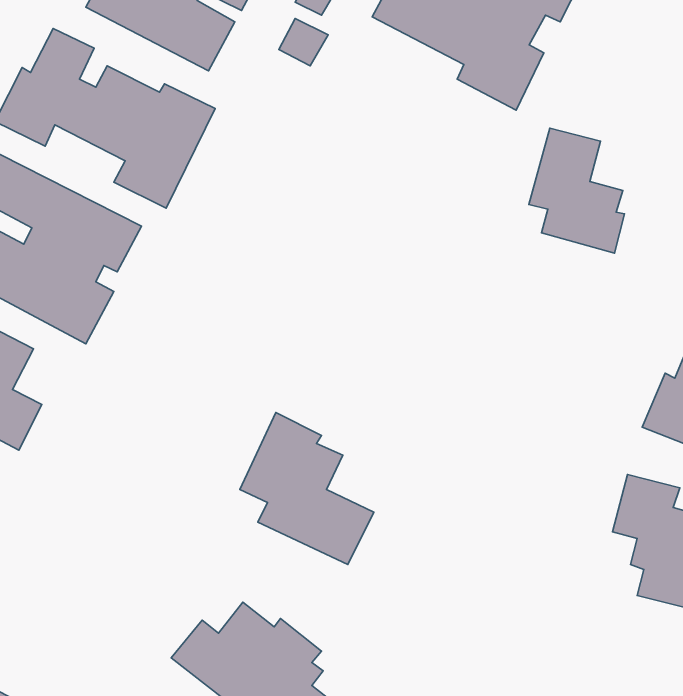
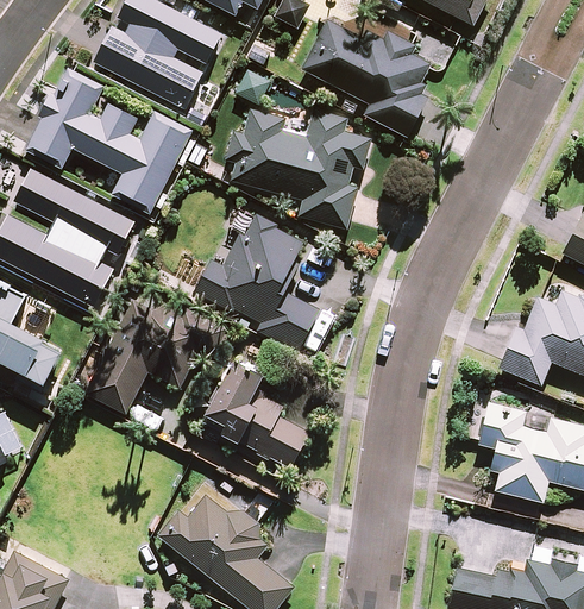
building: none -> [225,109,371,228]
building: [529,128,624,253] -> none
building: none -> [195,208,318,352]
building: none -> [83,303,205,416]

